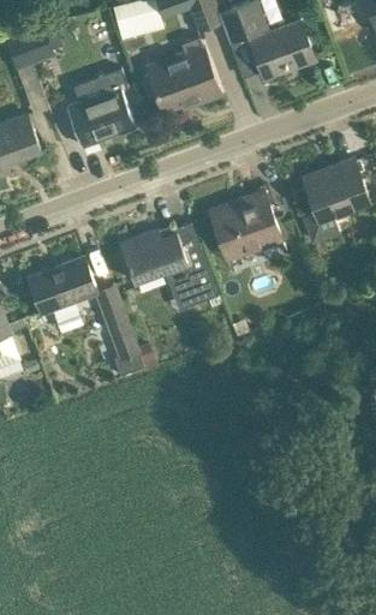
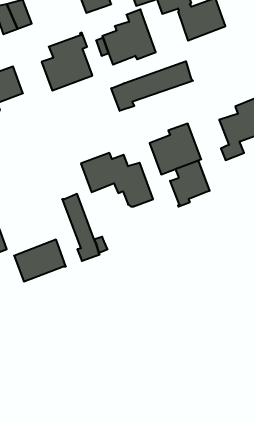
building: none -> [111,61,193,111]
building: none -> [170,160,210,207]
building: [28,257,97,314] -> [14,240,66,282]

